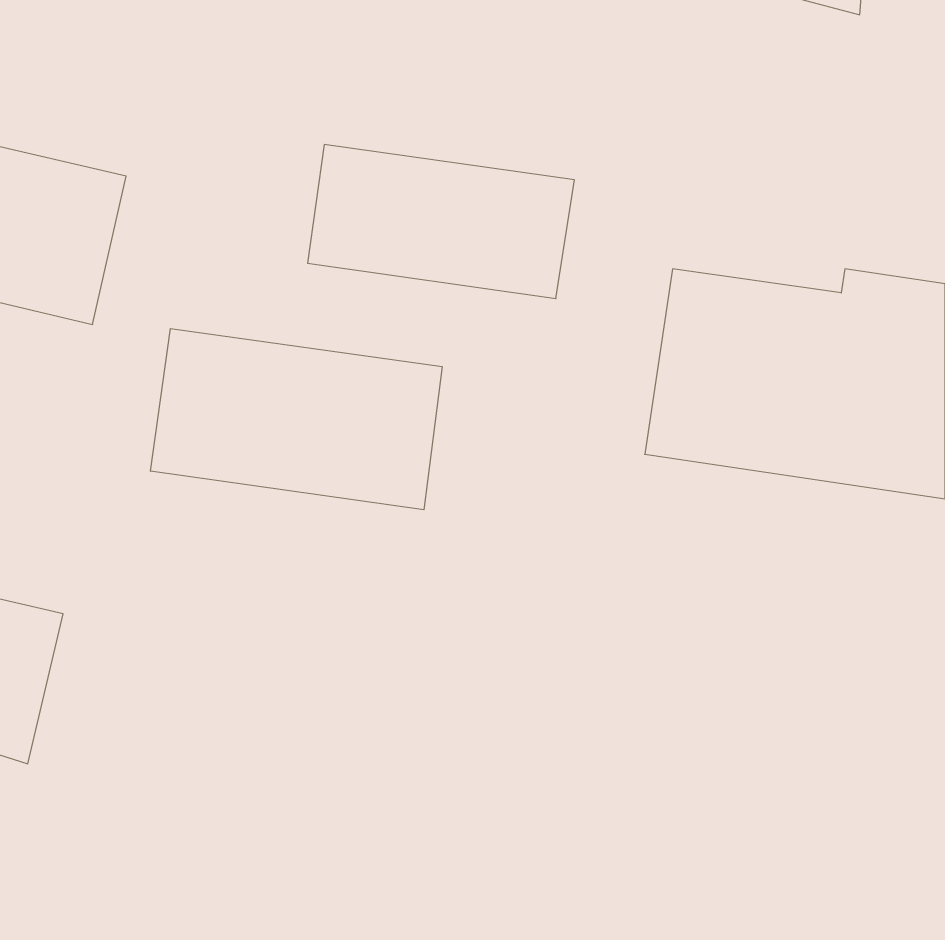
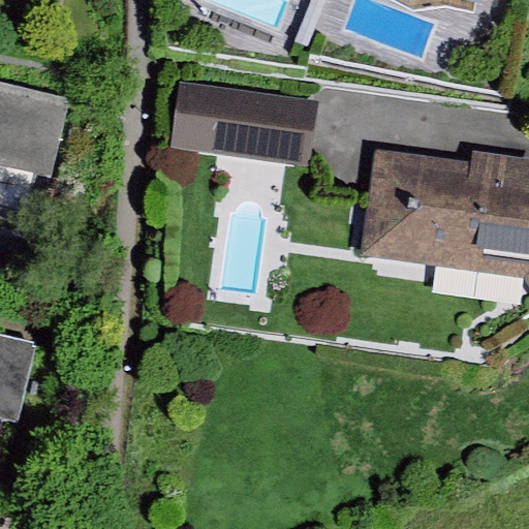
building: [151,329,442,510] -> none

